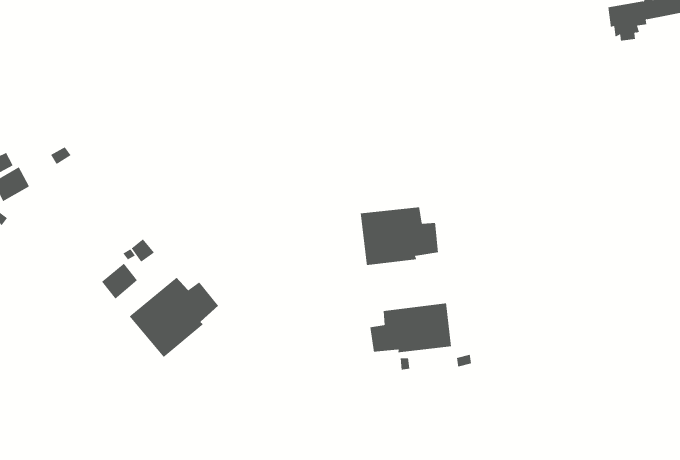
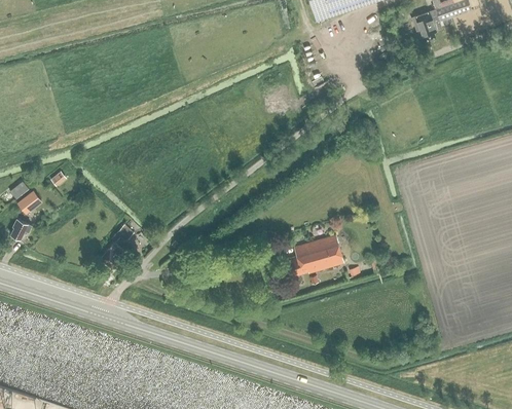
building: [360,206,439,266] -> none
building: [129,277,219,358] -> none

